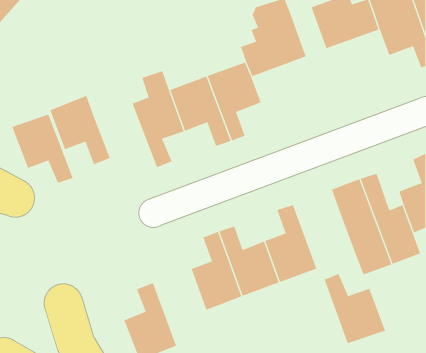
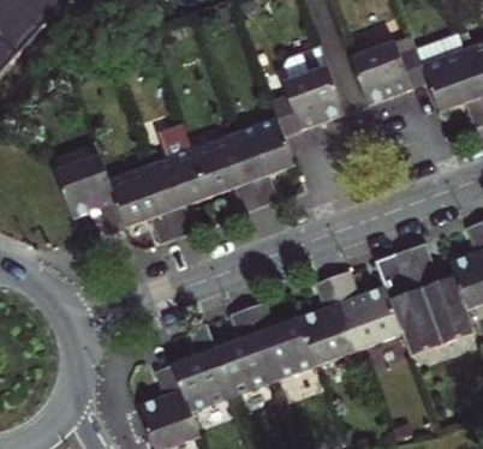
building: [12,114,74,184] -> [108,163,178,241]
building: none -> [174,322,233,409]
building: [324,273,386,344] -> [332,269,401,348]

